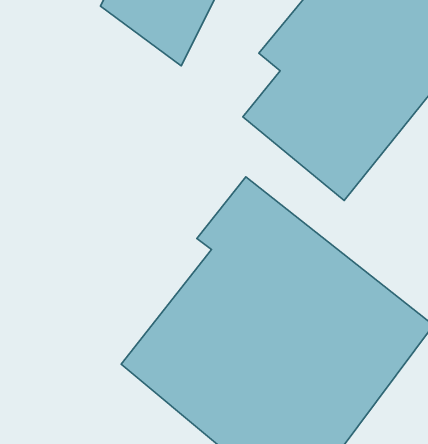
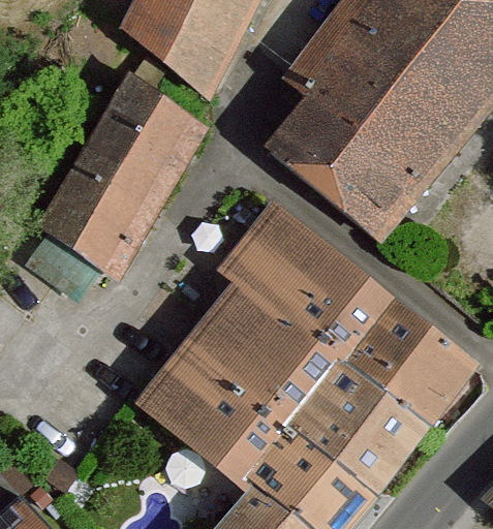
building: none -> [38,81,203,272]

